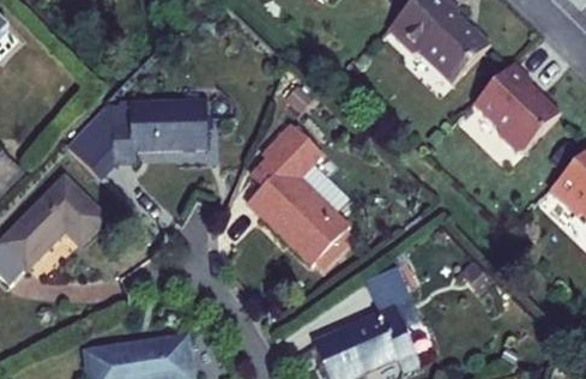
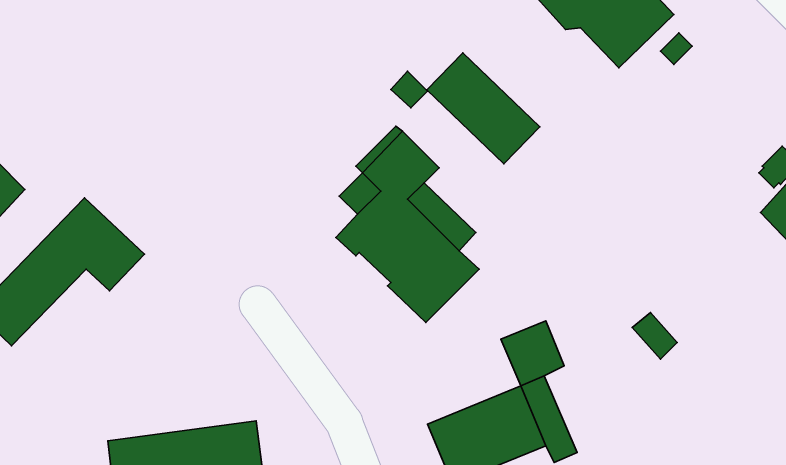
building: [473,60,558,148] -> none
building: none -> [427,53,540,164]
building: [66,103,205,178] -> none

